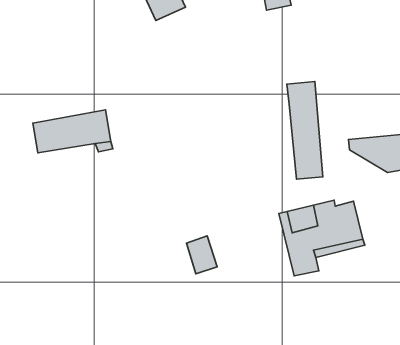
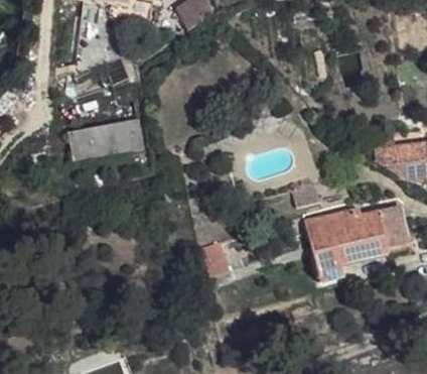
building: [287,81,323,179] -> none
building: none -> [380,204,410,246]

